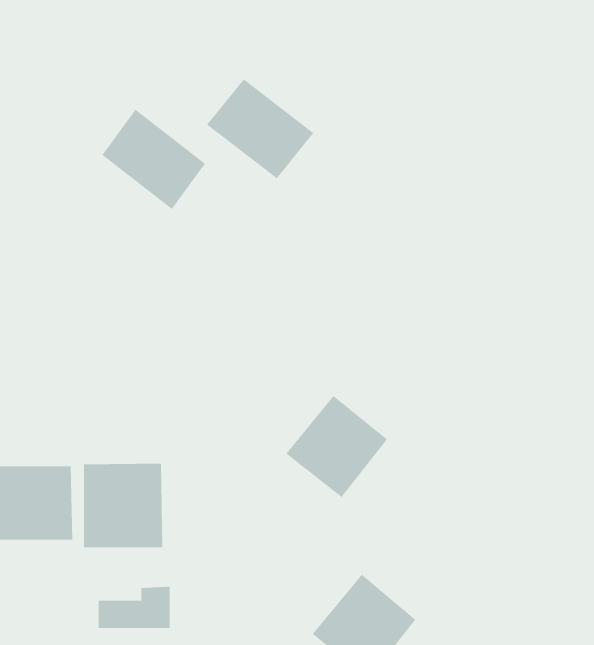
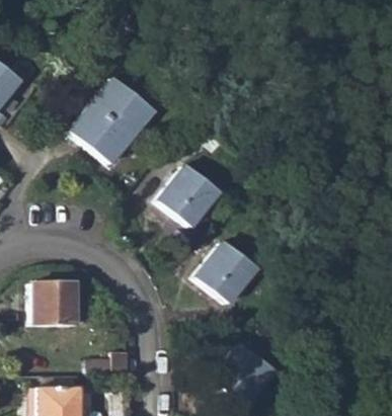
building: [206,79,314,179] -> [72,104,134,162]
building: none -> [161,163,221,225]
building: [84,463,163,548] -> none

